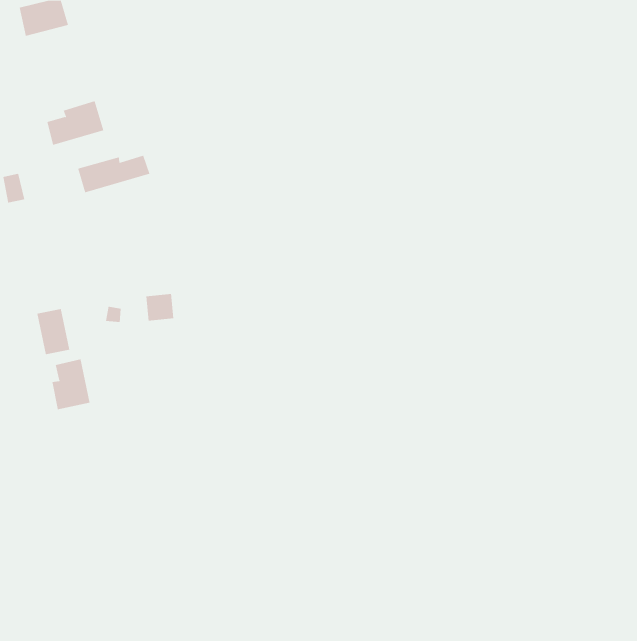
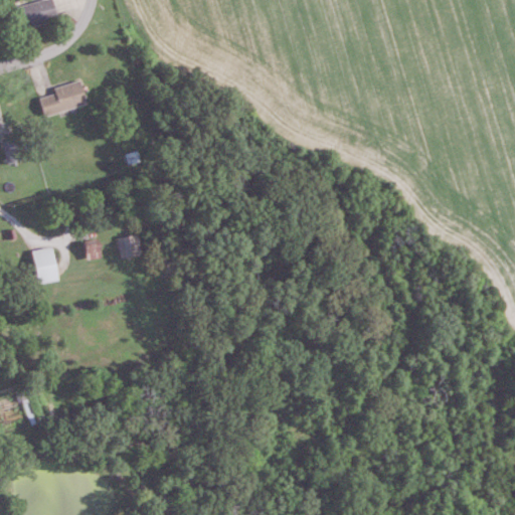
building: [78,155,150,193] -> none
building: [52,358,90,410] -> none

